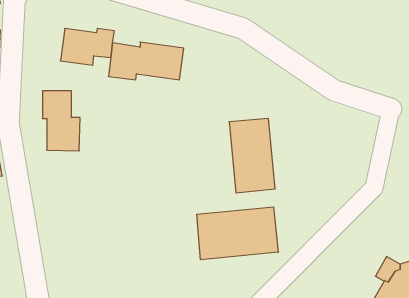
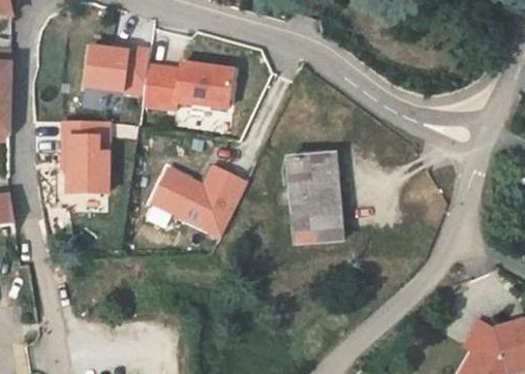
building: none -> [149,165,246,236]
building: [197,207,278,260] -> none

